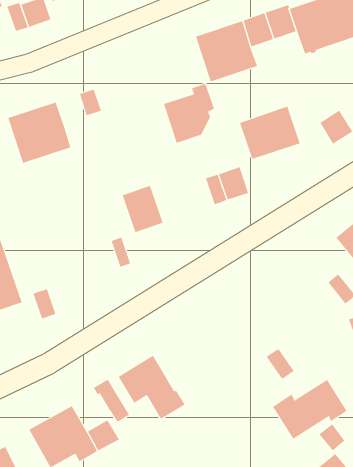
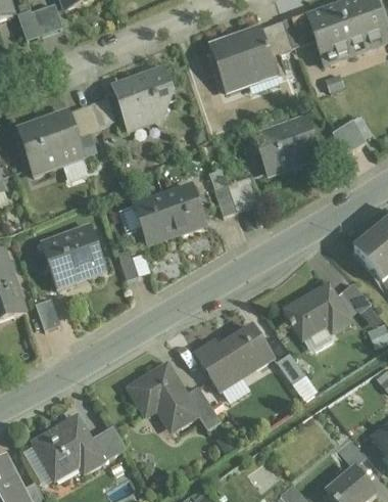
building: [163,83,215,144] -> [115,63,168,126]
building: none -> [65,99,98,134]
building: none -> [162,184,204,232]
building: none -> [38,225,105,289]
building: none -> [284,285,349,340]
building: [93,379,130,423] -> [183,389,221,433]
building: [272,379,348,440] -> [201,331,279,394]

